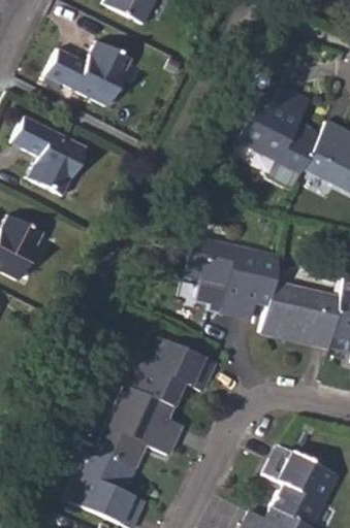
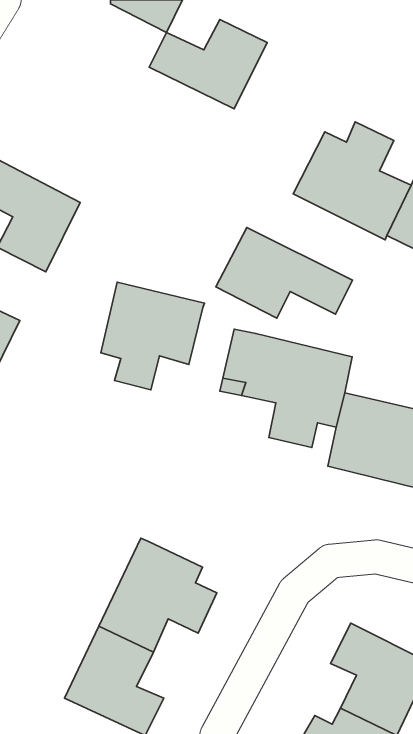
building: [49,42,133,106] -> [149,20,267,109]
building: none -> [216,227,353,318]
building: none -> [101,282,205,390]
building: [134,336,217,406] -> none

